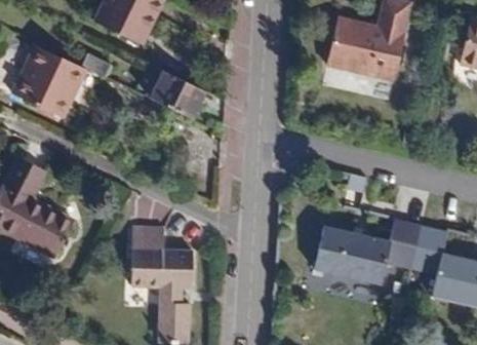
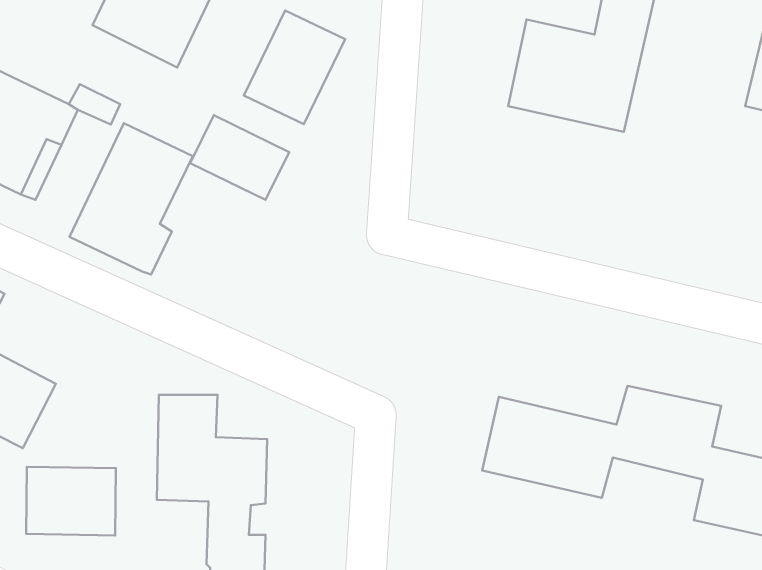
building: none -> [244,11,345,124]
building: none -> [70,123,193,274]
building: none -> [26,467,116,535]

